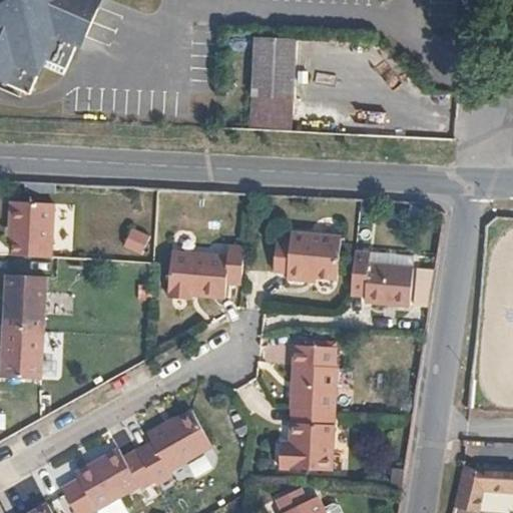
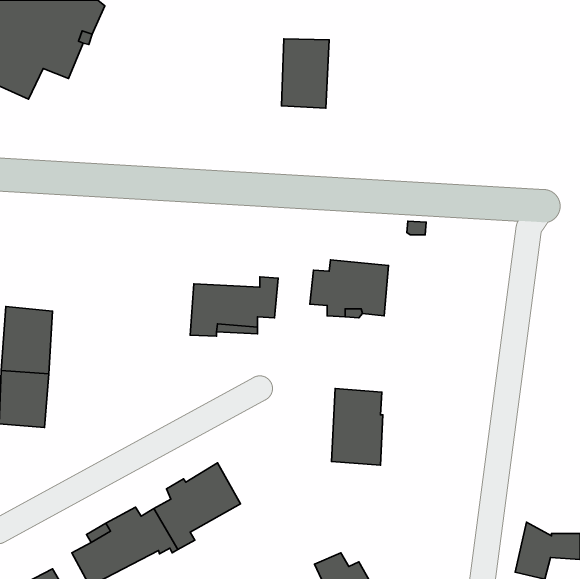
building: [246,96,287,131] -> none
building: [8,199,54,256] -> none
building: [351,251,414,306] -> none
building: [280,409,335,471] -> none

